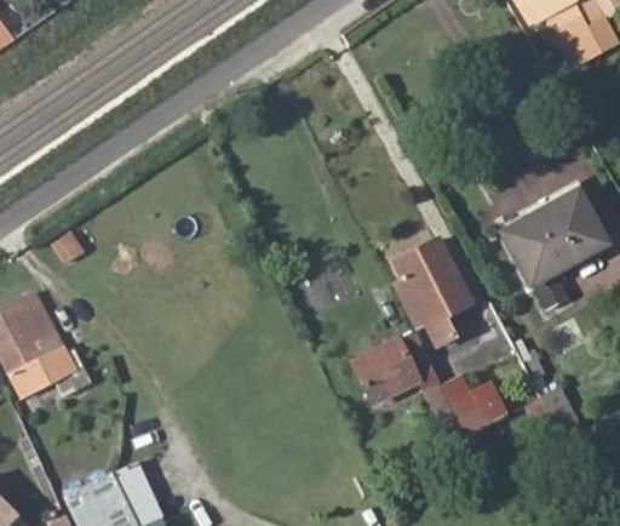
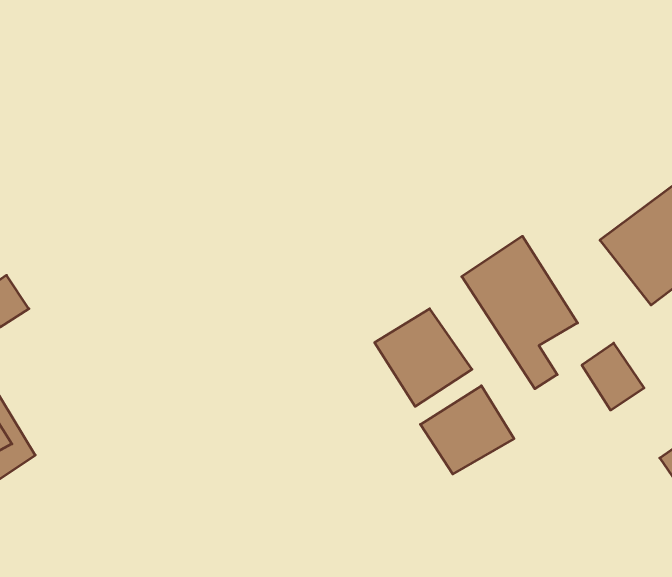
building: none -> [375,309,472,406]
building: [438,375,507,436] -> none

